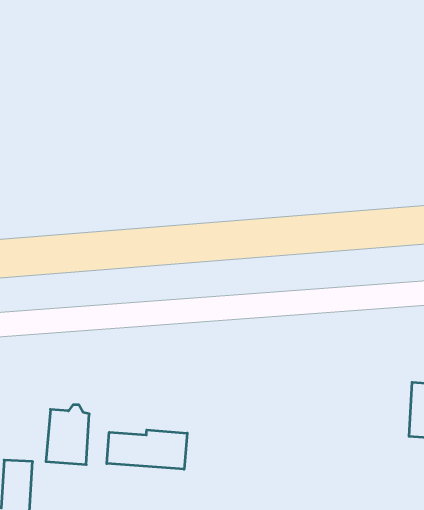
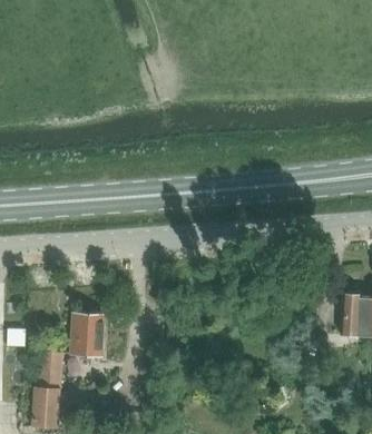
building: [107,430,187,469] -> none

